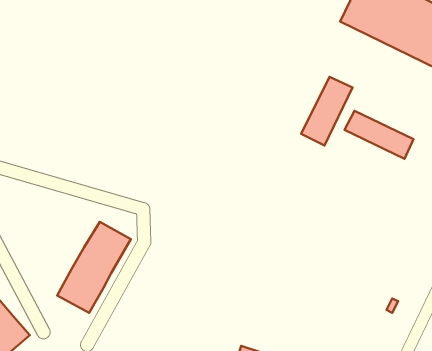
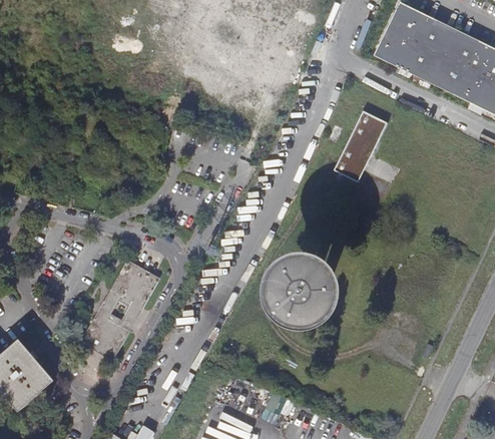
building: [345,111,414,159] -> none
building: none -> [266,254,345,333]

